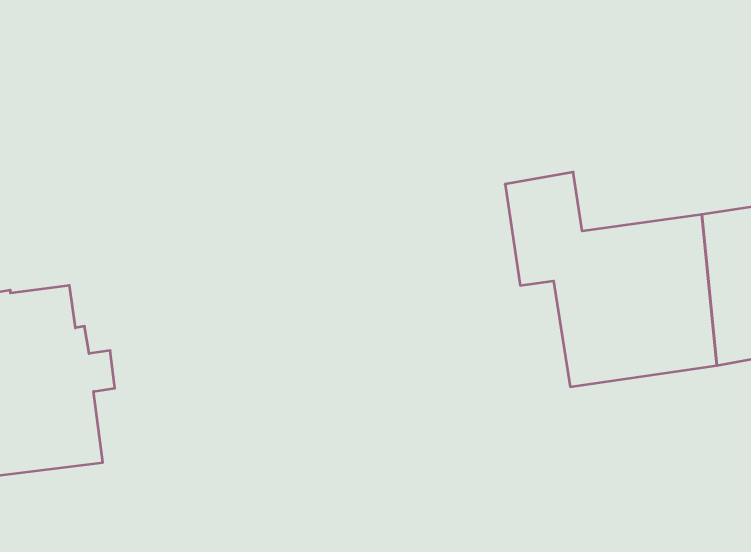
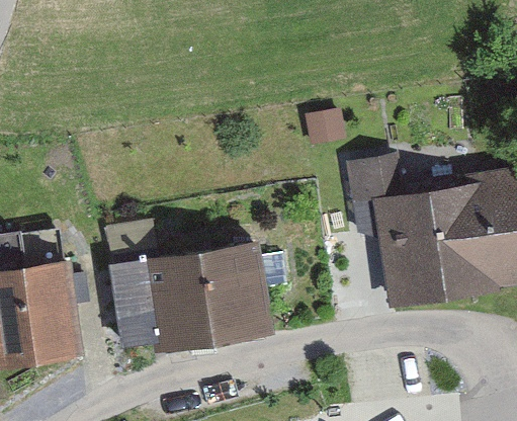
building: none -> [110,246,281,346]

